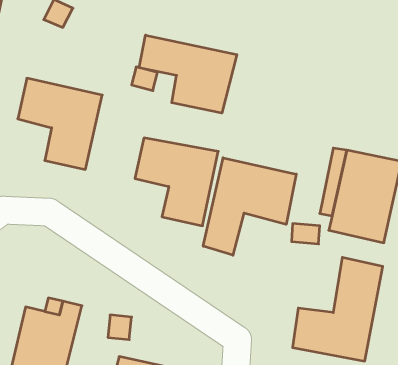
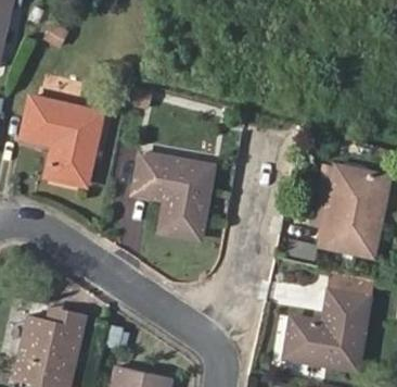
building: [139,35,237,113] -> none
building: [203,158,296,255] -> none

